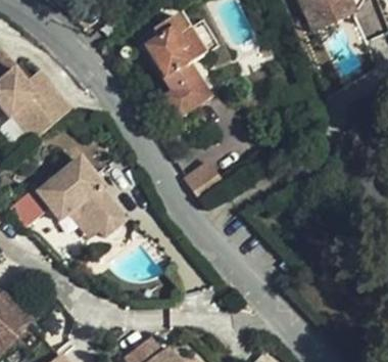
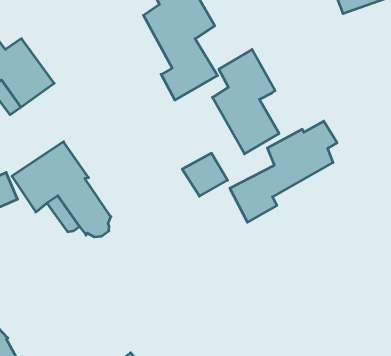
building: none -> [212,49,279,154]
building: none -> [230,121,337,222]

